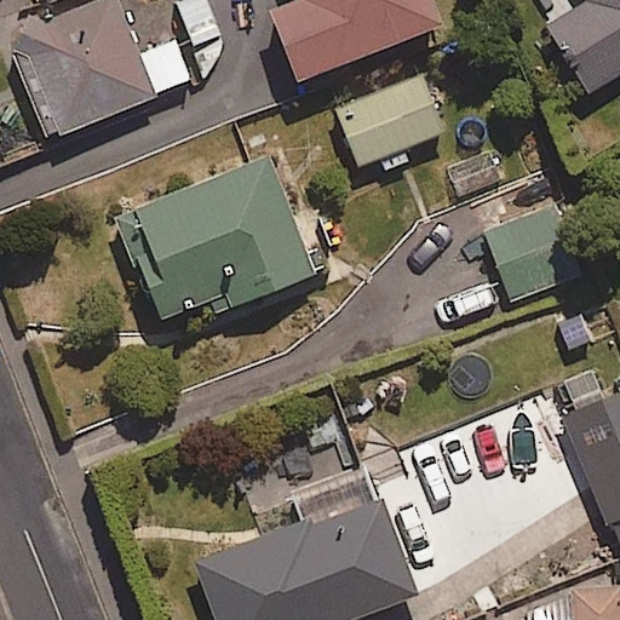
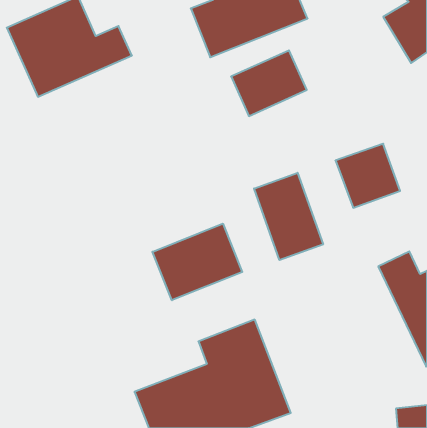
building: [109,156,318,329] -> none
building: none -> [254,173,323,260]
building: none -> [152,224,242,300]

